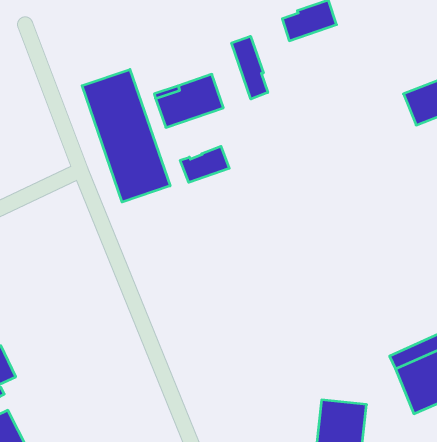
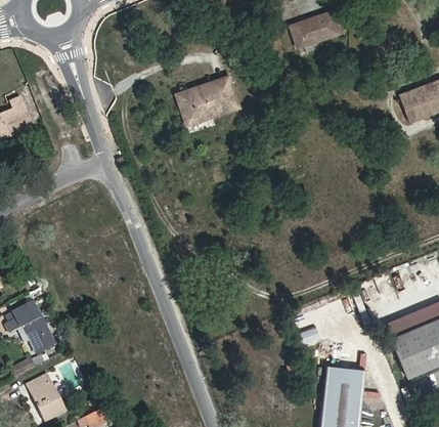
building: [232,36,268,99] -> none
building: [82,69,170,202] -> none
building: [180,146,229,182] -> none

